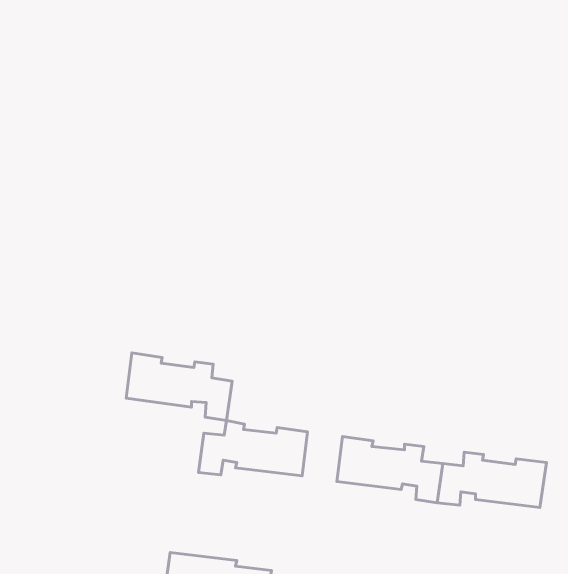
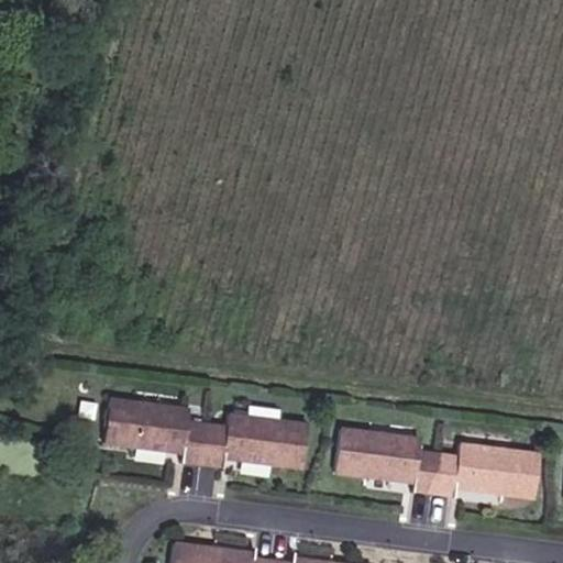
building: [126,353,232,421] -> [103,397,207,463]

